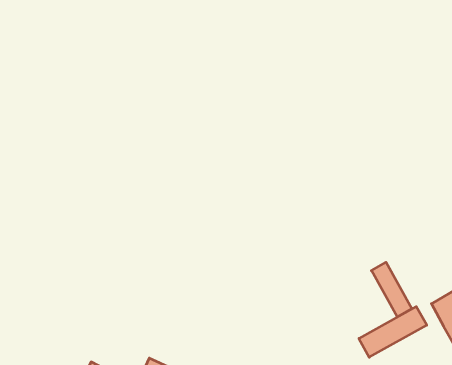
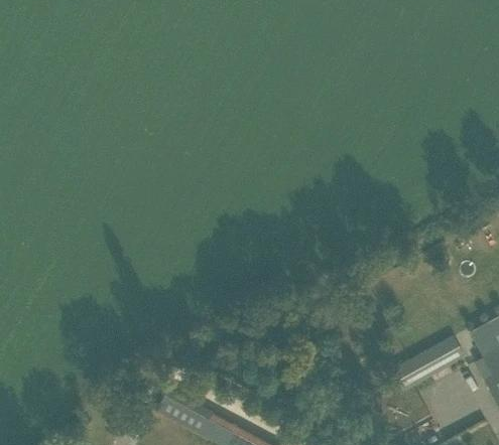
building: [371,262,412,317] -> none

